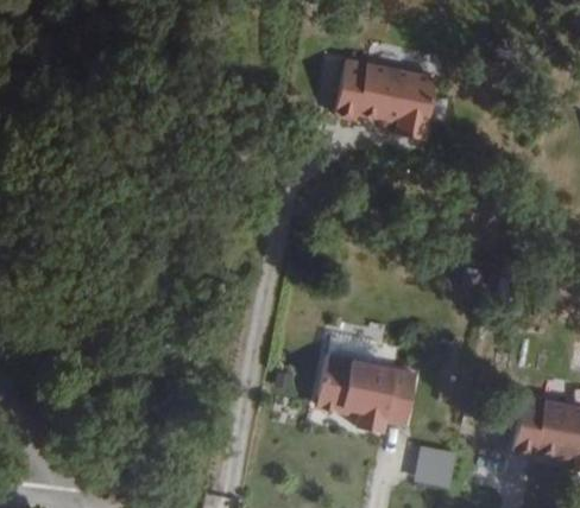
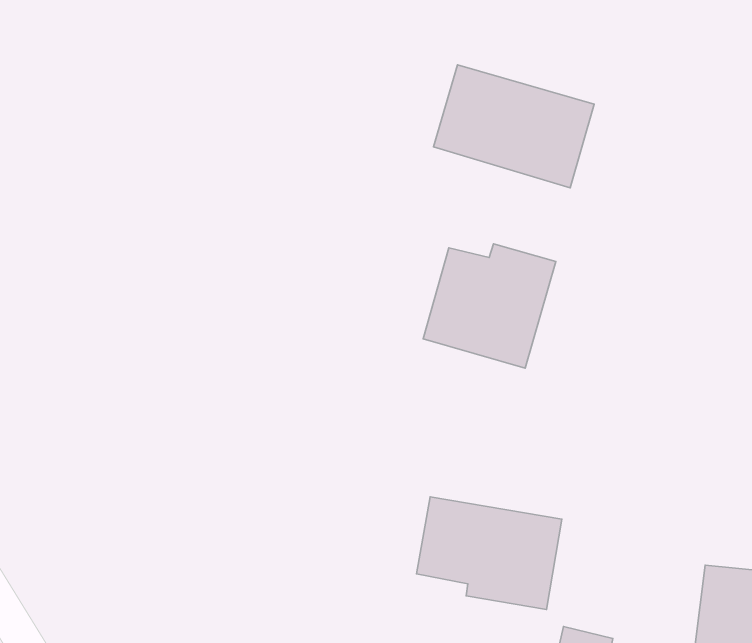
building: none -> [423,244,556,368]

